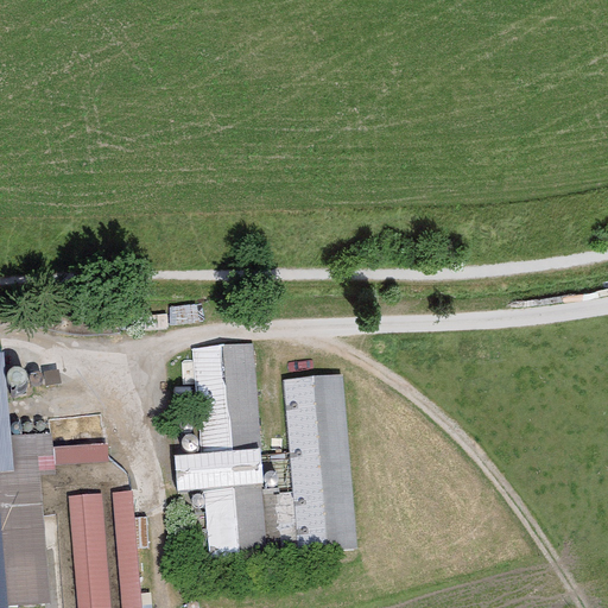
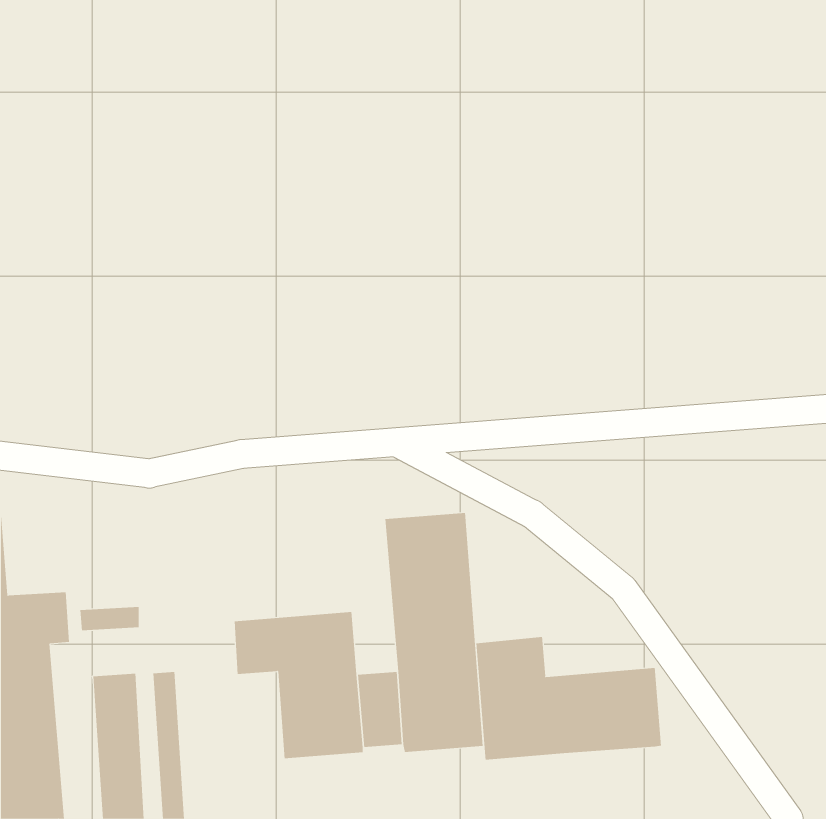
building: [194,344,260,446] -> none
building: none -> [476,636,662,761]

